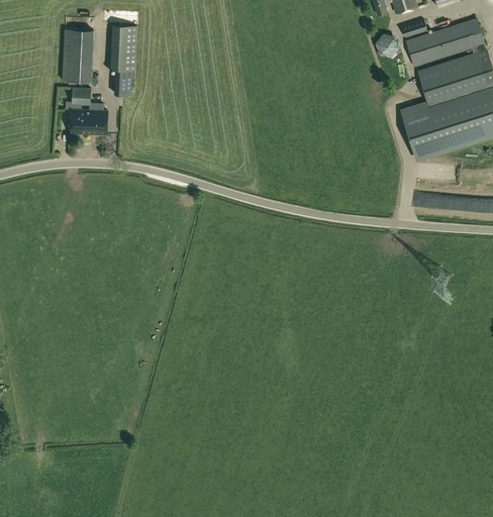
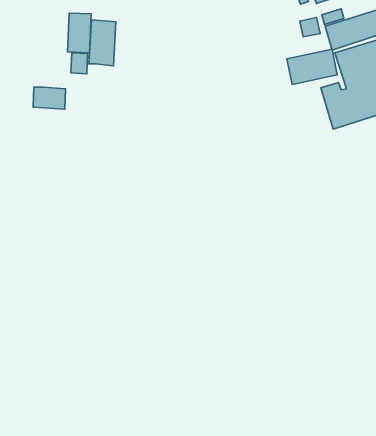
building: [61,29,92,82] -> [89,20,116,66]
building: none -> [287,49,337,84]
building: [70,88,90,110] -> none

